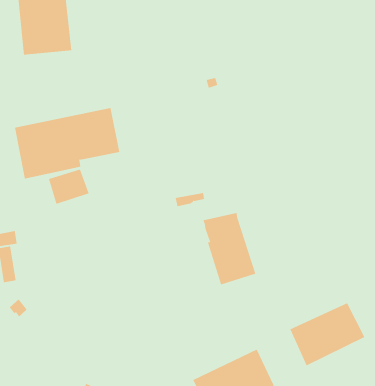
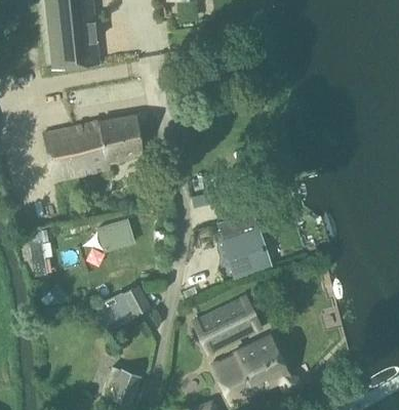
building: [48,169,89,205] -> [97,217,135,250]
building: none -> [97,289,151,332]
building: [289,302,365,366] -> [192,295,262,354]

